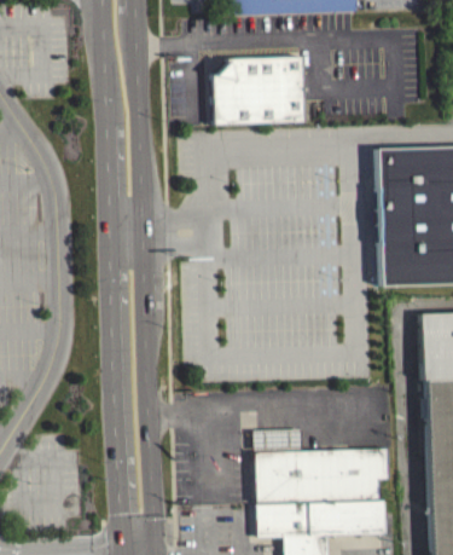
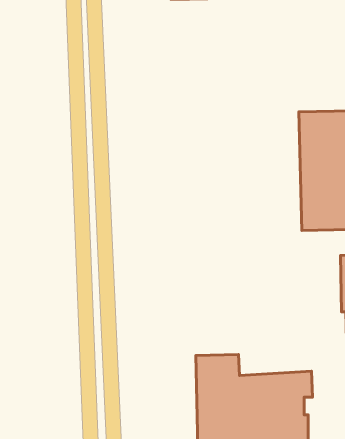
building: [214,57,306,126] -> none

